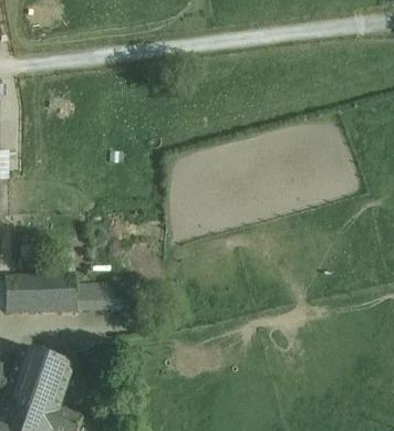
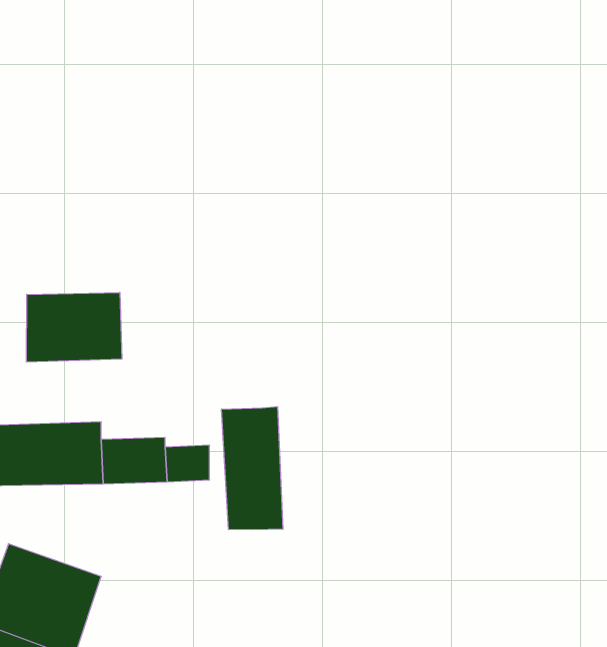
building: none -> [27,292,122,362]
building: none -> [222,407,283,530]

